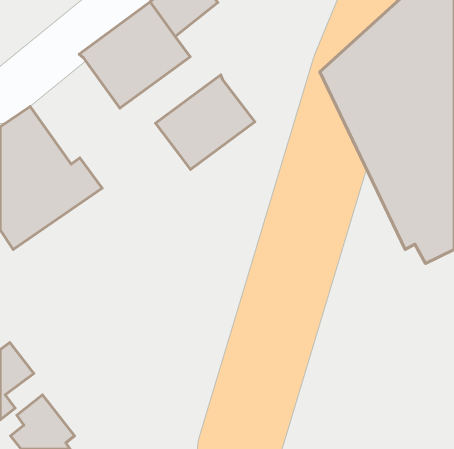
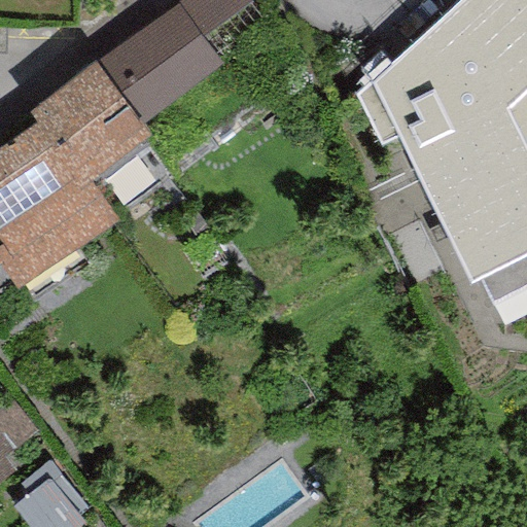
building: none -> [29,67,150,190]
building: [156,75,255,170] -> none

